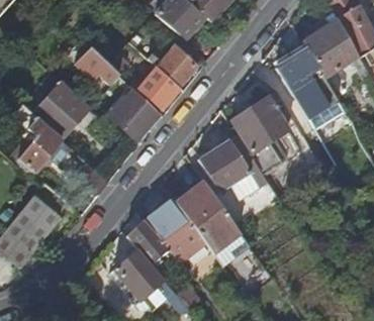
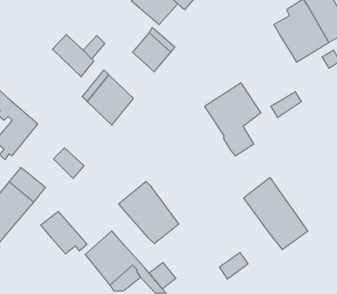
building: [282,48,328,95] -> none
building: [139,67,180,109] -> none
building: [30,80,89,140] -> none
building: [198,136,258,192] -> none
building: [177,183,243,256] -> [244,178,308,250]
building: [125,222,173,265] -> [41,211,87,254]

